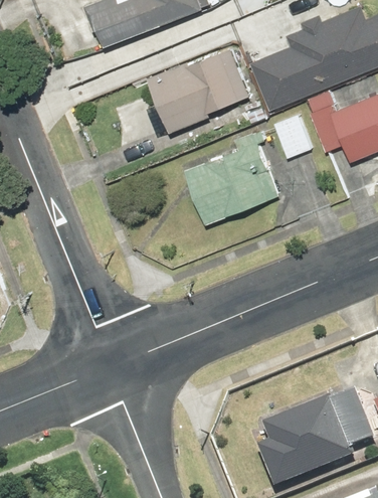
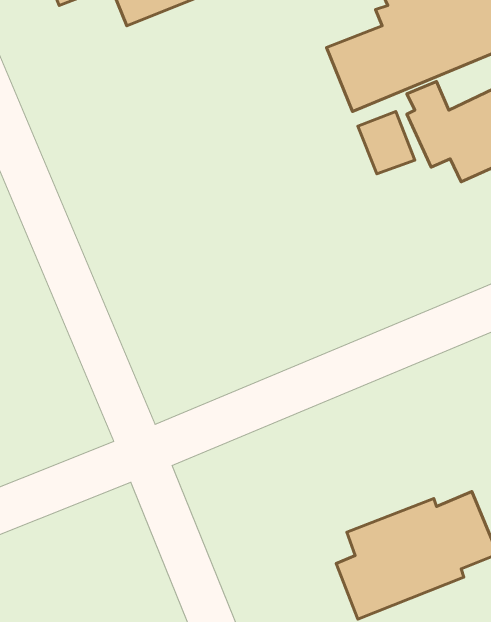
building: [146,48,249,133] -> none
building: [180,128,279,227] -> none

